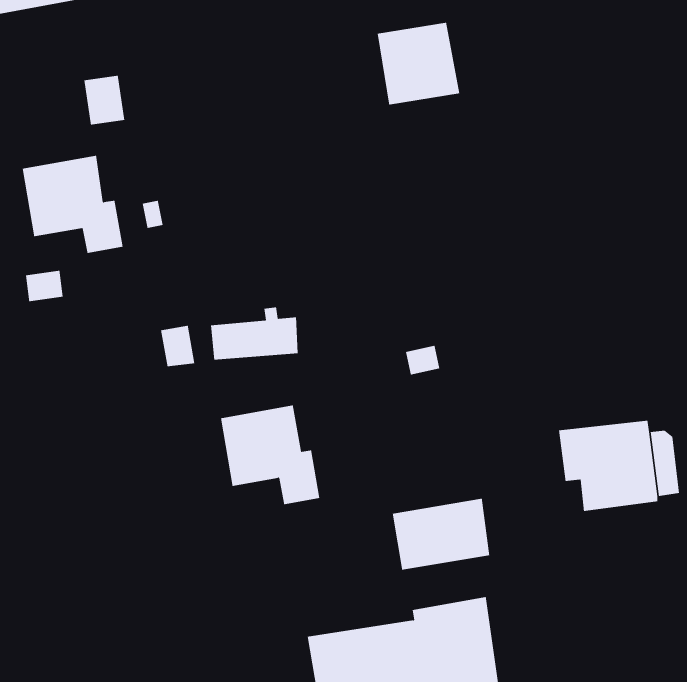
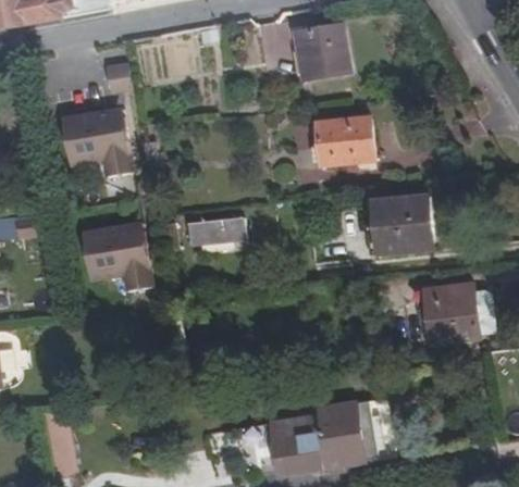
building: none -> [317,115,375,165]
building: none -> [373,193,433,254]
building: [220,405,320,505] -> [85,225,150,290]
building: [392,498,490,570] -> none

